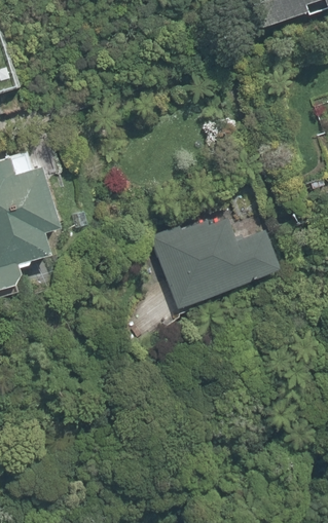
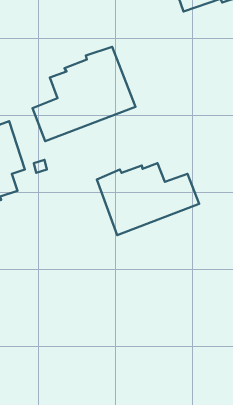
building: none -> [33,47,136,141]

